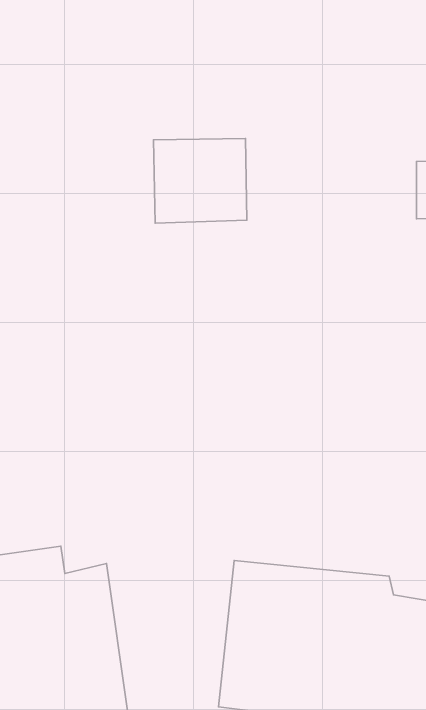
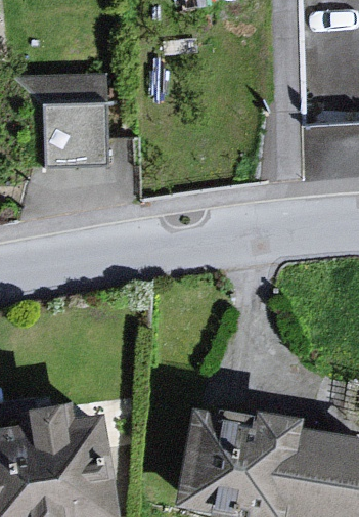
building: [154,138,247,223] -> [50,94,117,155]

